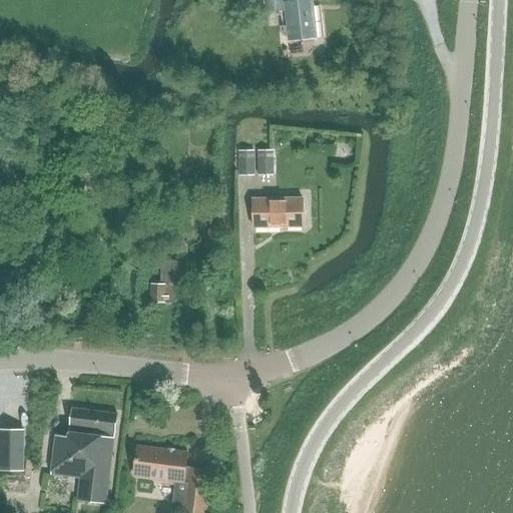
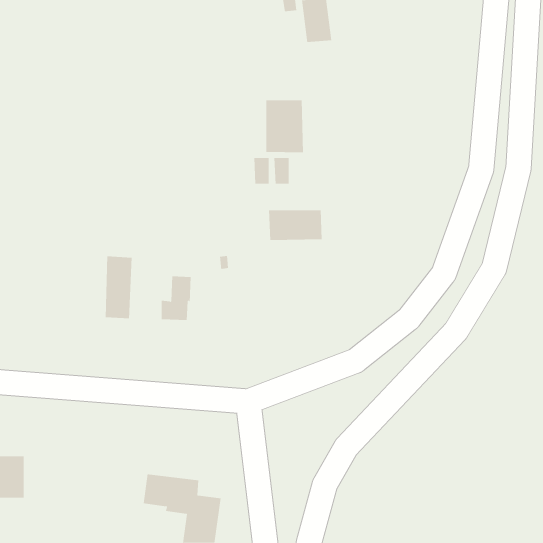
building: none -> [266,99,303,153]
building: none -> [105,255,132,319]
building: [51,407,117,500] -> none

